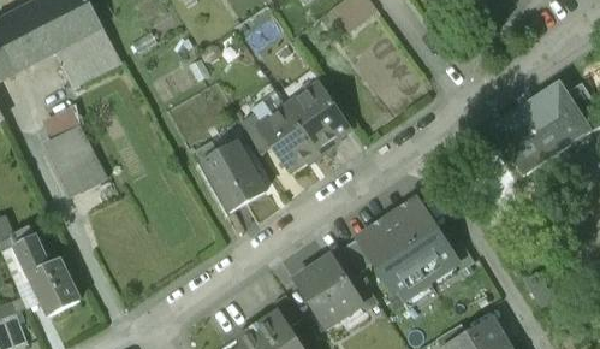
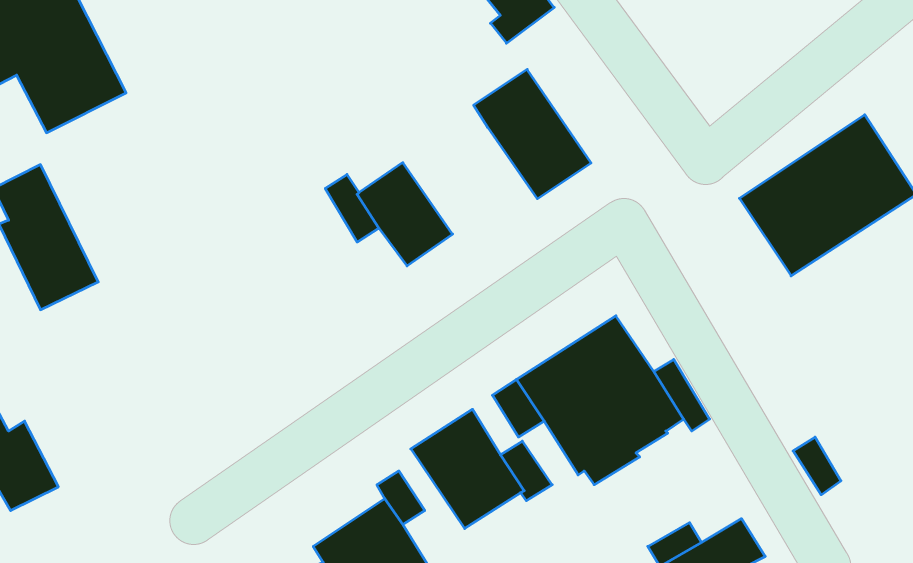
building: [279,70,350,148] -> [474,69,591,199]
building: [201,141,266,211] -> none

